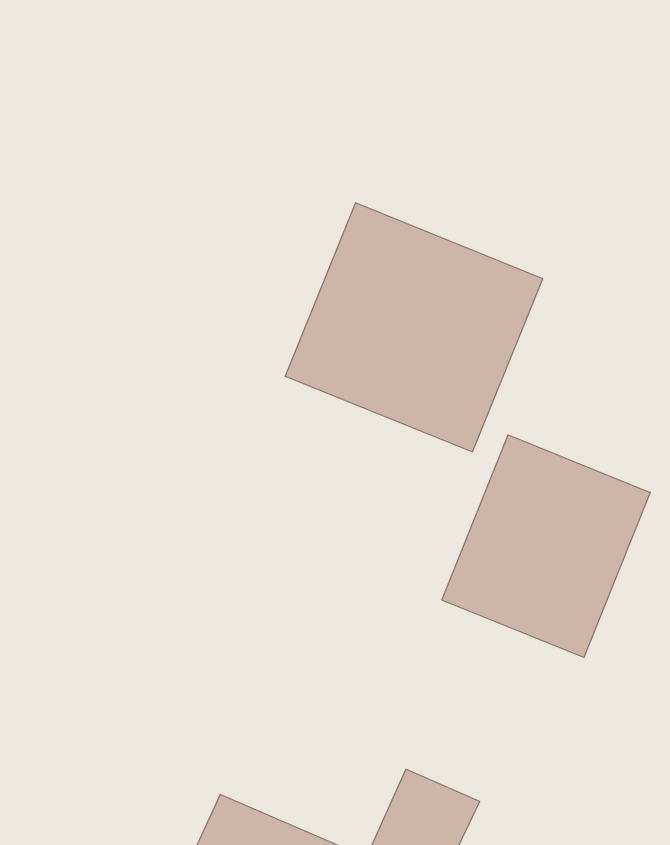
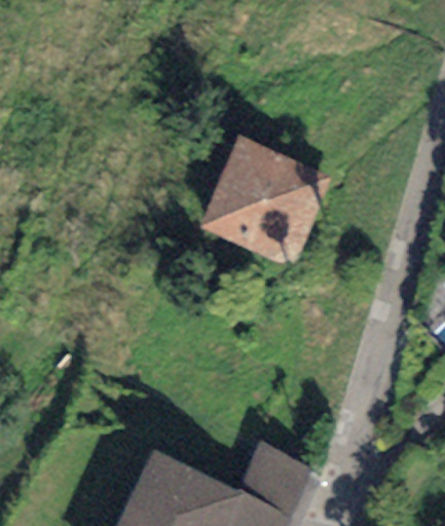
building: [442,435,650,658] -> none

